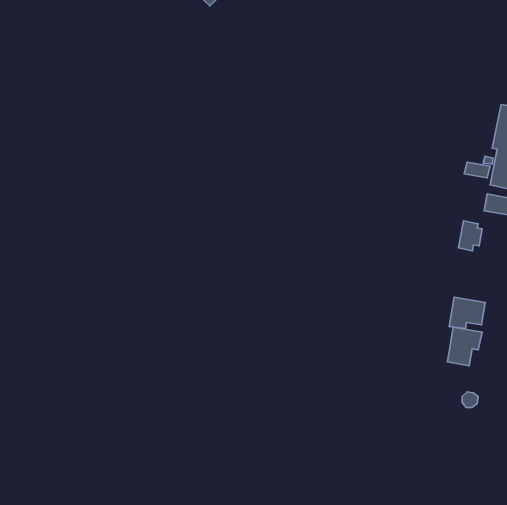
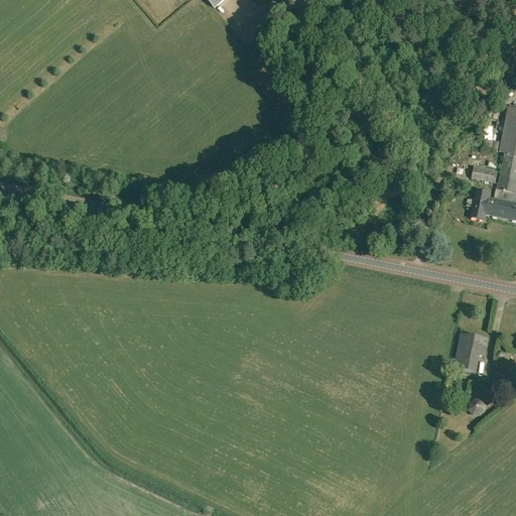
building: [458,221,482,251] -> [471,188,495,219]
building: [449,297,485,328] -> none

